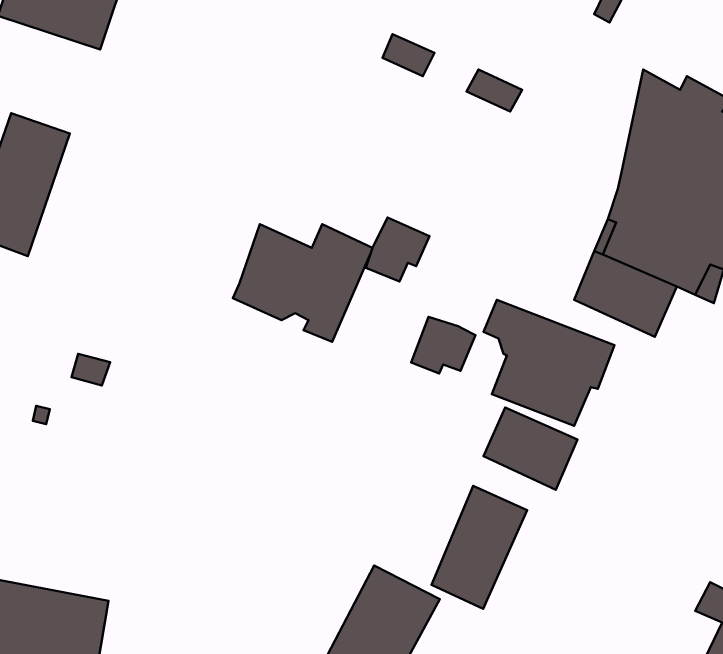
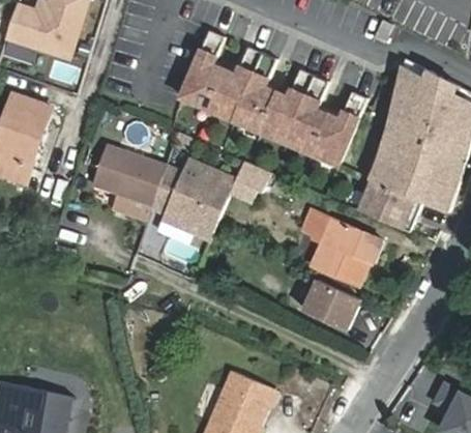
building: none -> [182,48,363,168]
building: none -> [94,141,166,200]
building: [411,317,475,373] -> none
building: [431,486,527,609] -> none

